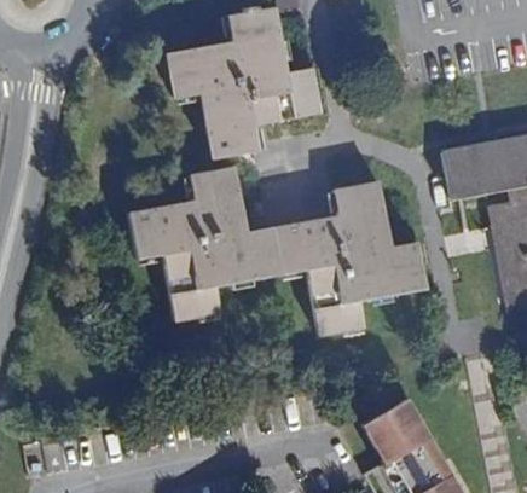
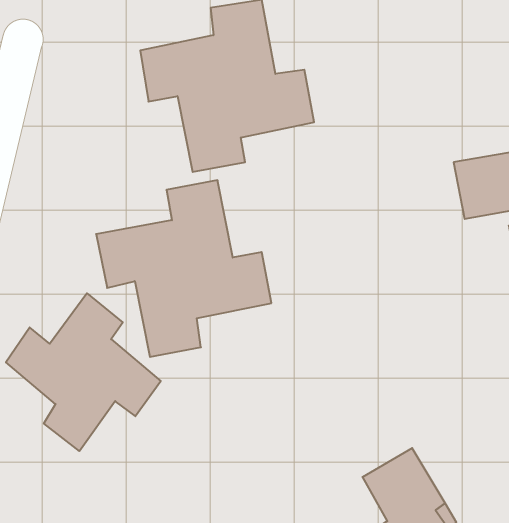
building: [273,184,425,332] -> none
building: none -> [6,293,161,451]

